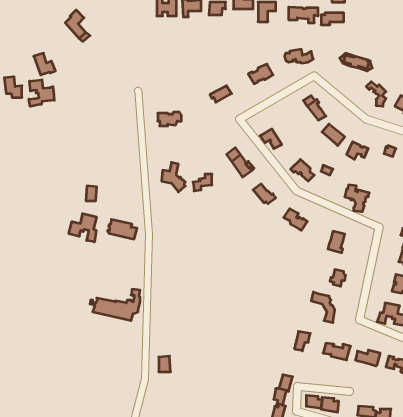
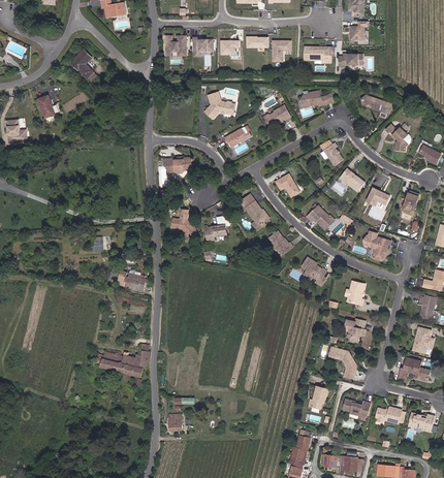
building: none -> [202,91,234,118]
building: [29,80,54,106] -> none
building: [69,214,96,242] -> none

